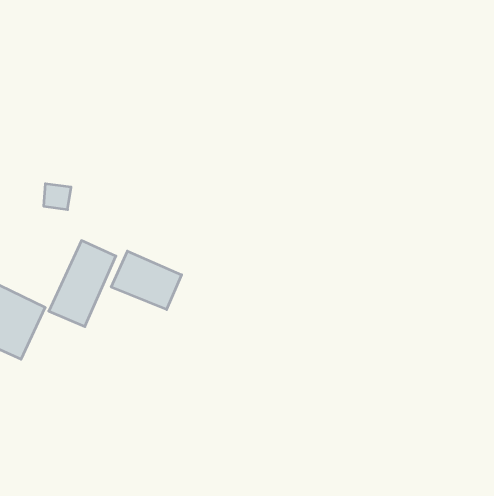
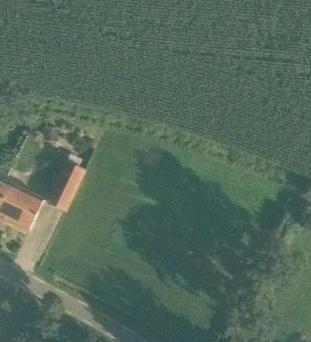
building: [111,251,182,310] -> none

